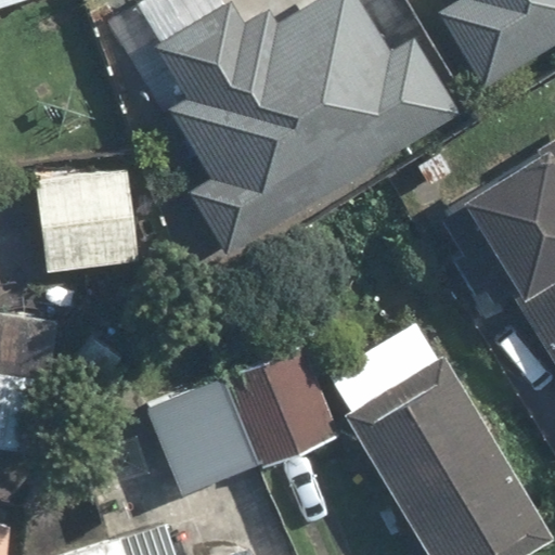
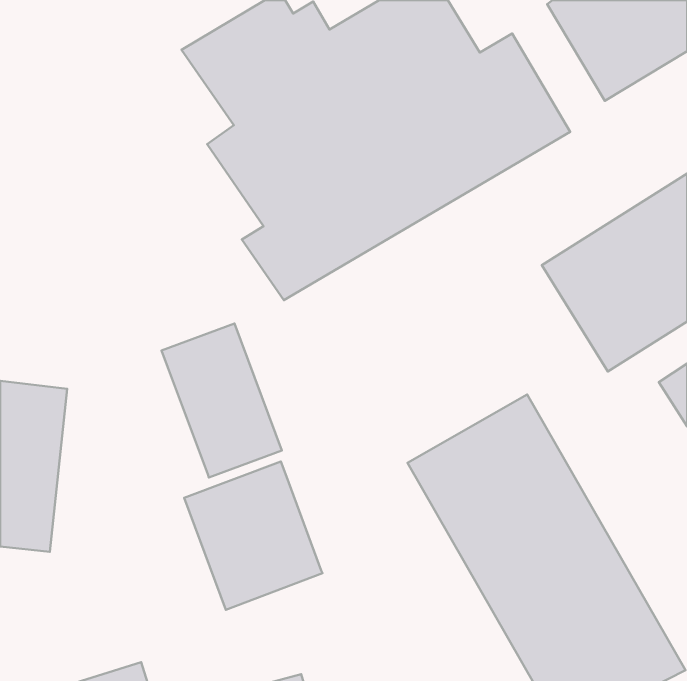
building: [36,170,135,271] -> none
building: none -> [161,323,282,478]
building: [231,361,336,465] -> none

